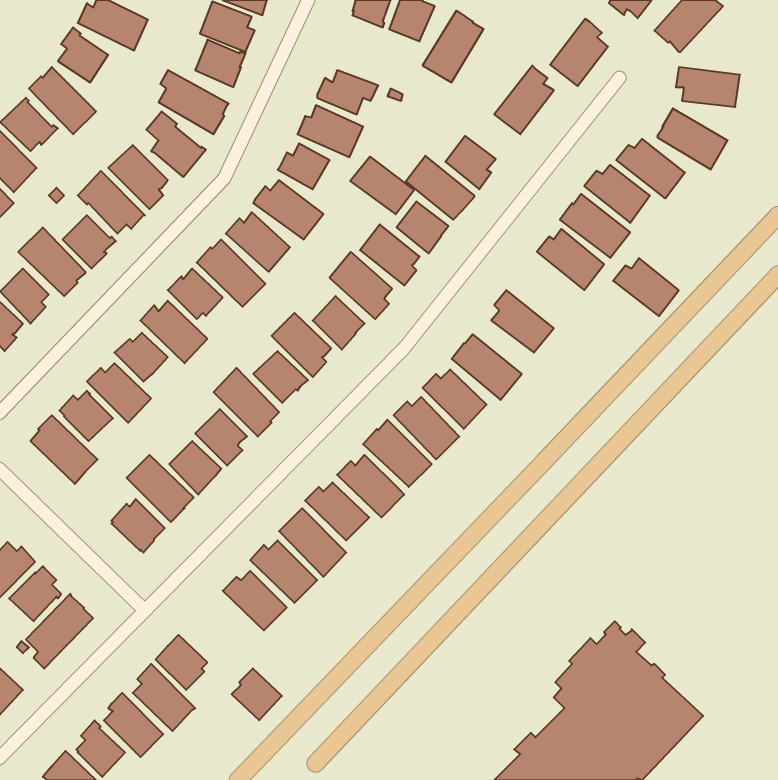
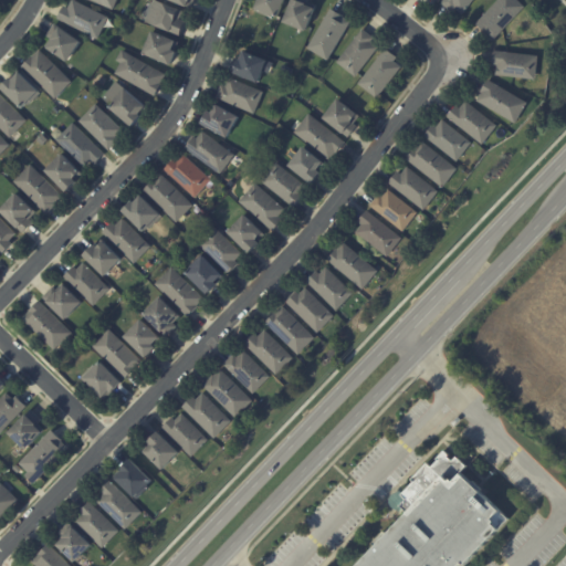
building: [550,19,608,86] -> [336,28,378,76]
building: [350,157,414,214] -> none
building: [613,258,679,316] -> [368,187,416,229]
building: [232,668,282,720] -> [142,432,178,470]

